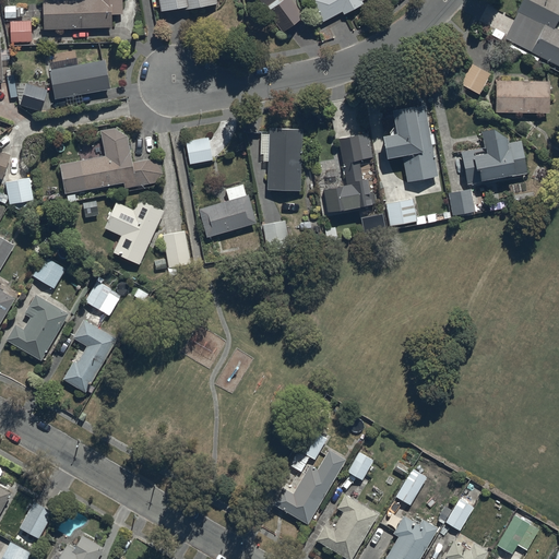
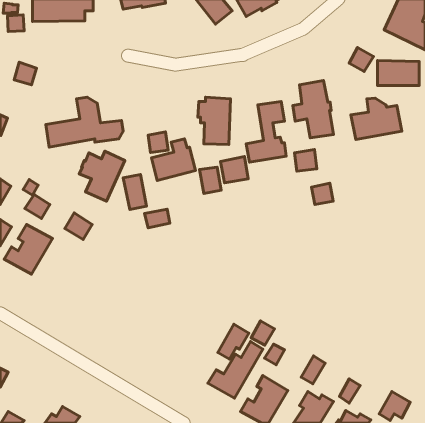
building: [49,57,110,99] -> none
building: [186,136,212,164] -> [148,132,168,153]
building: [5,176,33,204] -> none
building: [448,188,476,216] -> [311,183,333,205]
building: none -> [221,157,248,183]
building: none -> [145,209,170,228]
building: [63,319,117,392] -> none
building: none -> [251,321,275,345]
building: [20,501,53,538] -> none

